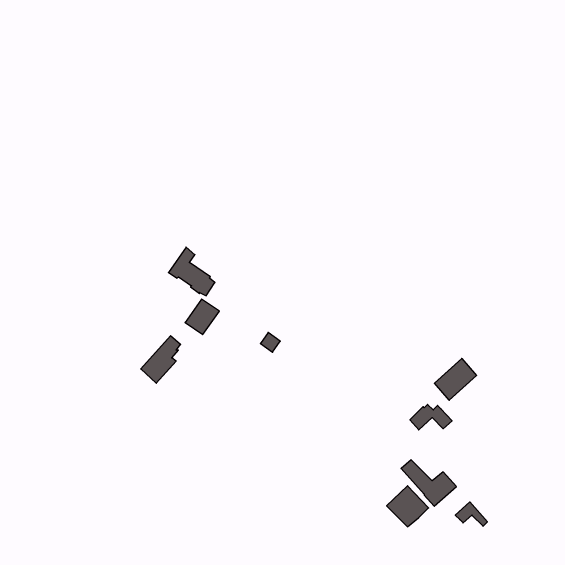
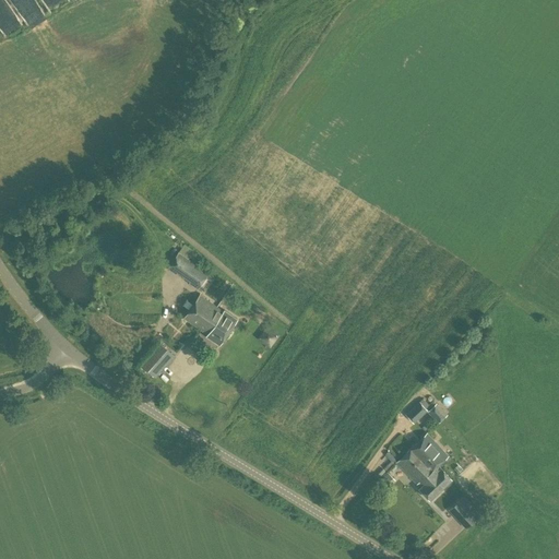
building: none -> [200,308,236,346]
building: [434,358,477,400] -> none
building: [387,486,429,527] -> [405,435,447,475]

